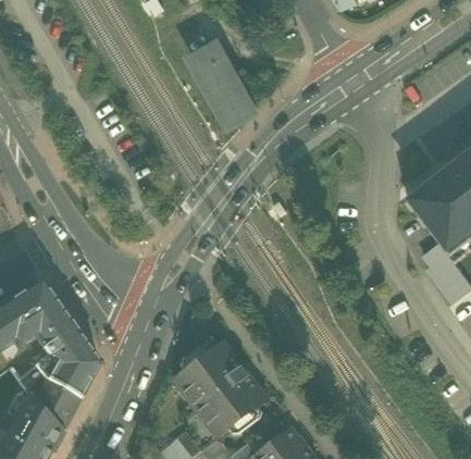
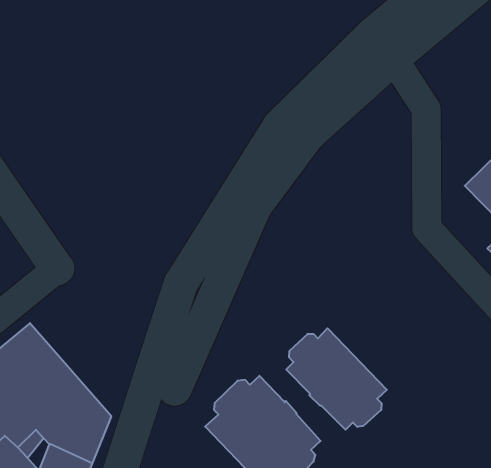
building: [195,48,252,125] -> none
building: none -> [286,328,387,430]

